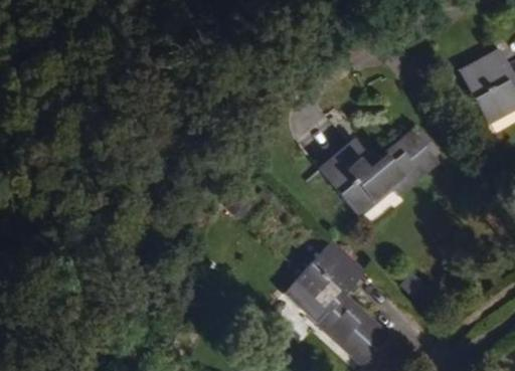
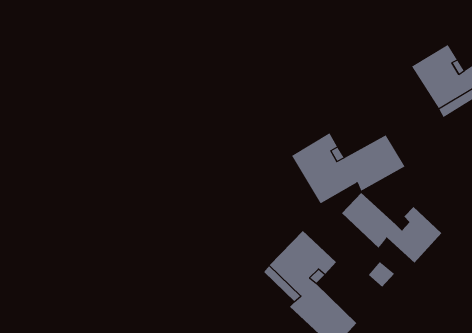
building: none -> [341,192,442,263]

